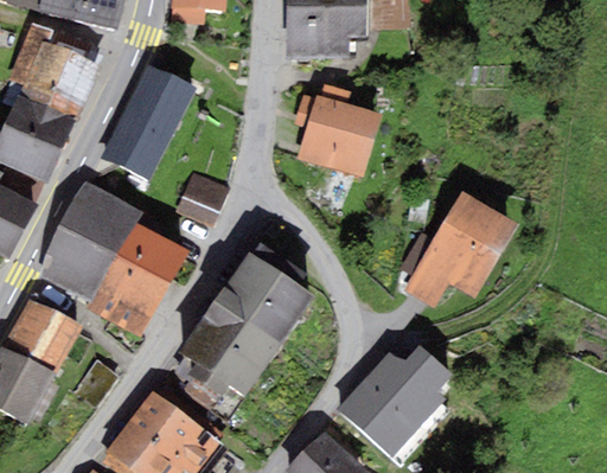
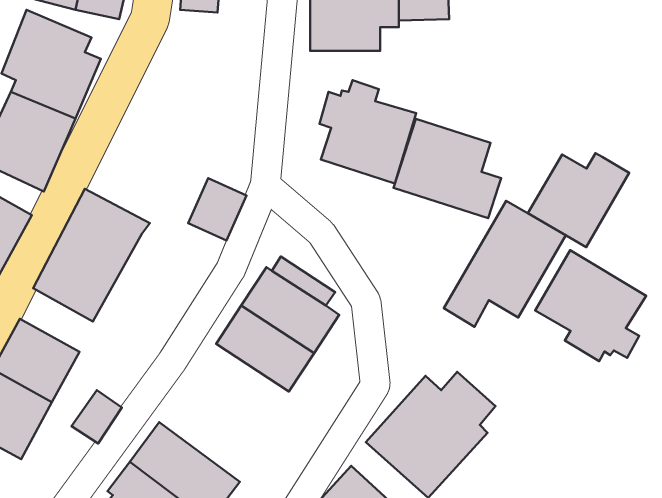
building: [100,63,196,179] -> none
building: none -> [394,119,501,218]
building: none -> [528,153,629,247]
building: [87,222,189,337] -> none
building: none -> [535,250,646,361]
building: [180,320,267,397] -> none

